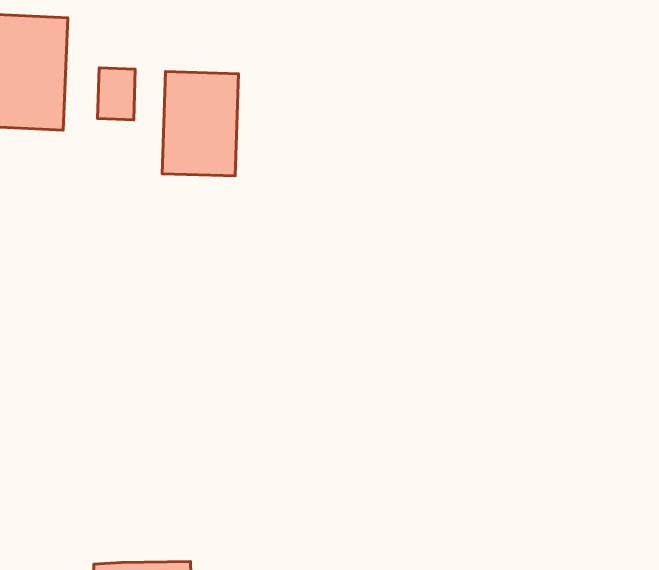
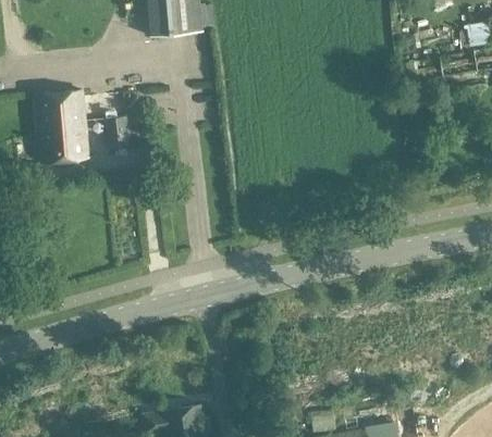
building: [162,72,238,176] -> none

